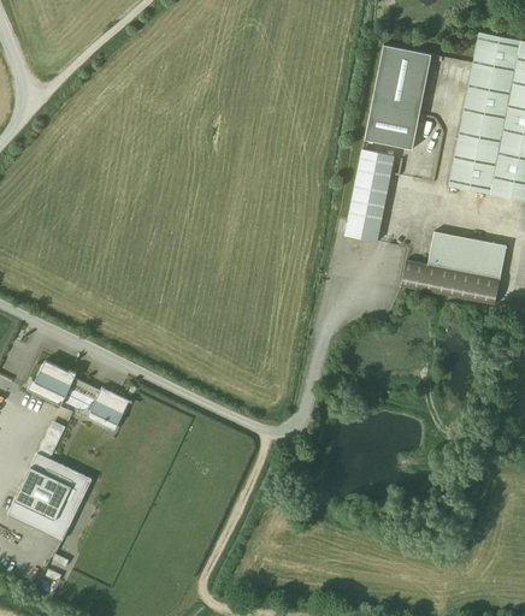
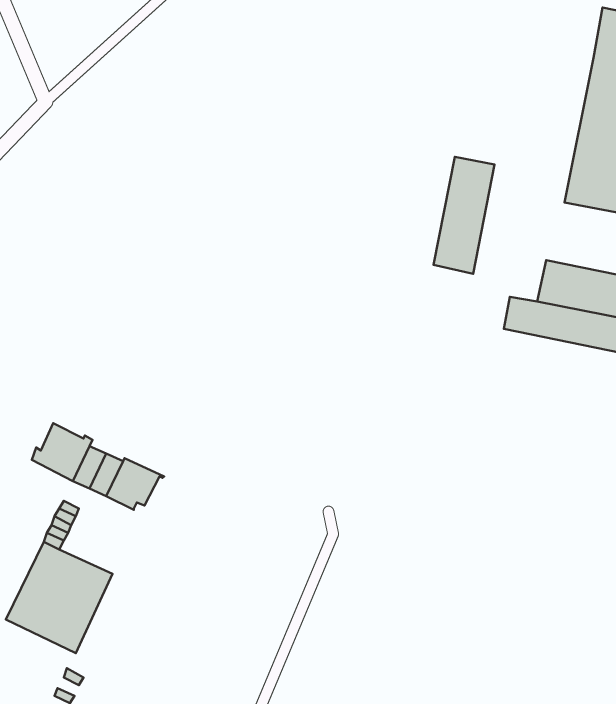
building: [365,45,431,149] -> none

